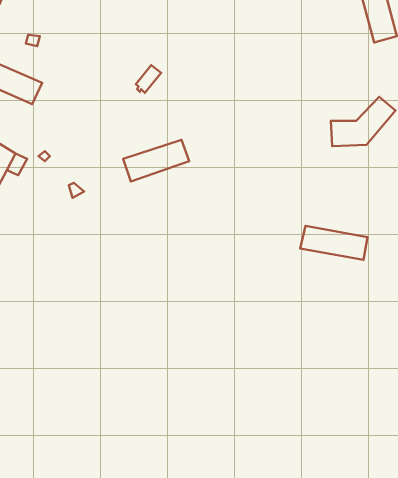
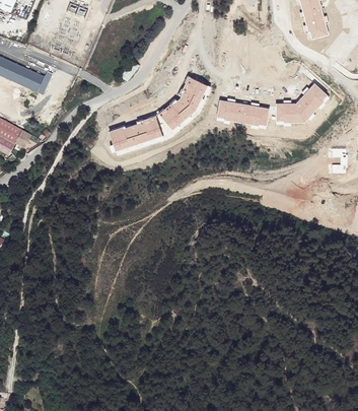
building: none -> [159,77,207,129]
building: [300,226,367,260] -> [215,99,269,127]

